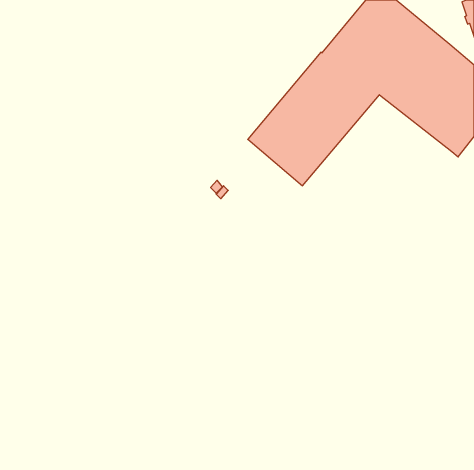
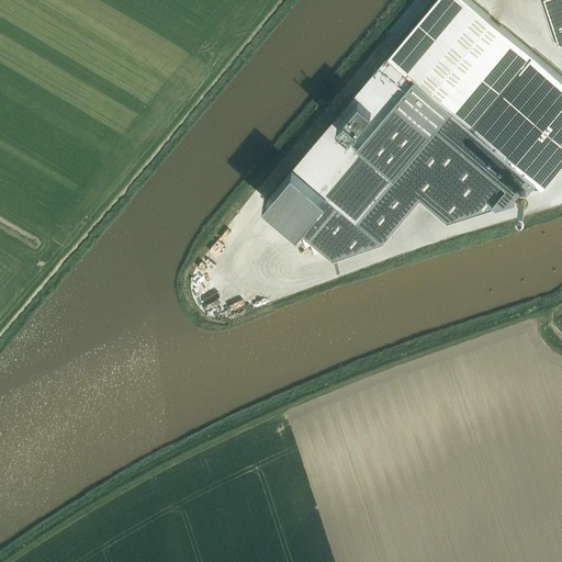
building: none -> [263,117,535,262]

